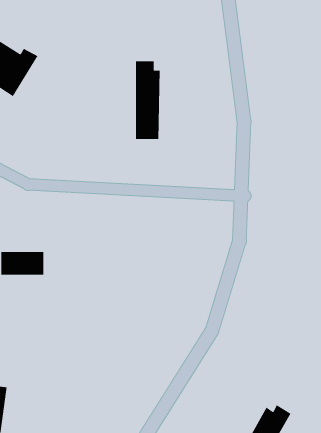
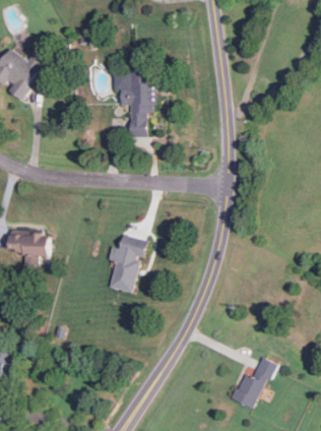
building: none -> [109,242,143,292]

